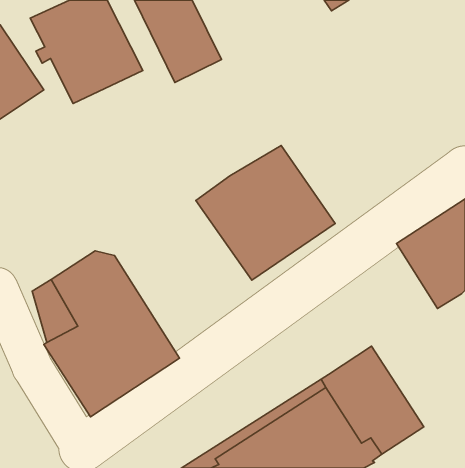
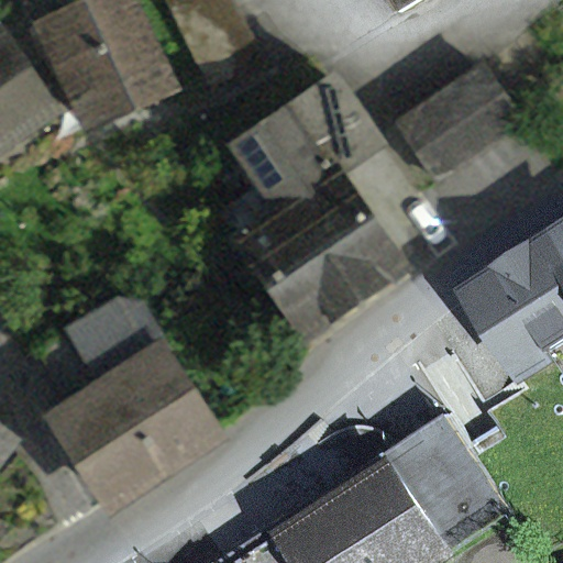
building: none -> [397,68,516,178]
building: none -> [223,78,374,238]

